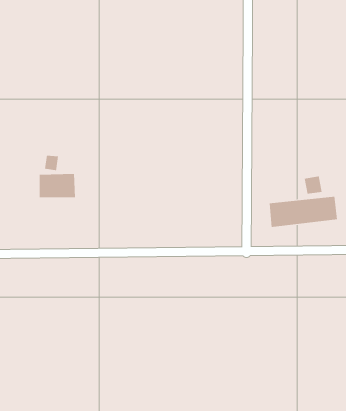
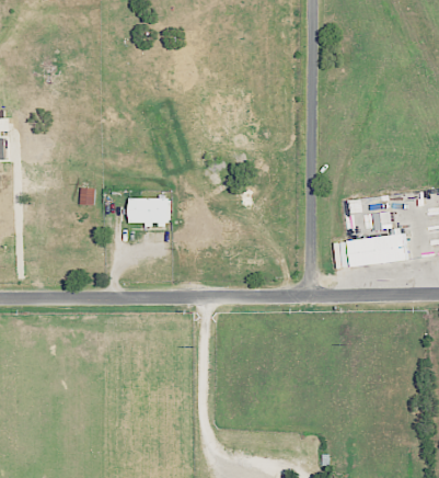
building: [39,173,76,198] -> [126,197,167,225]

